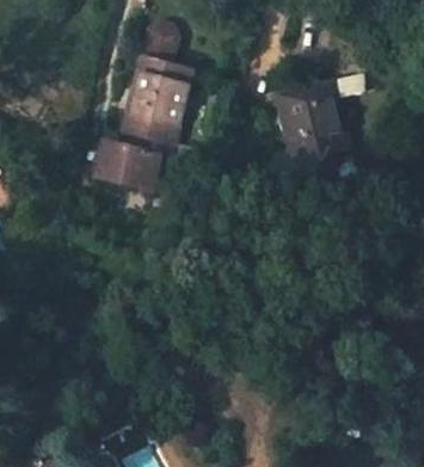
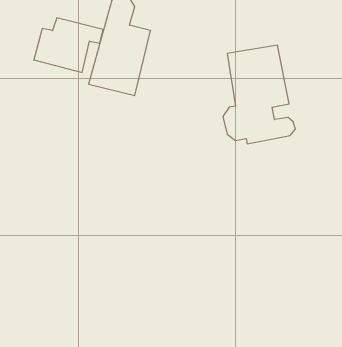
building: [93,127,172,189] -> [34,18,103,72]

